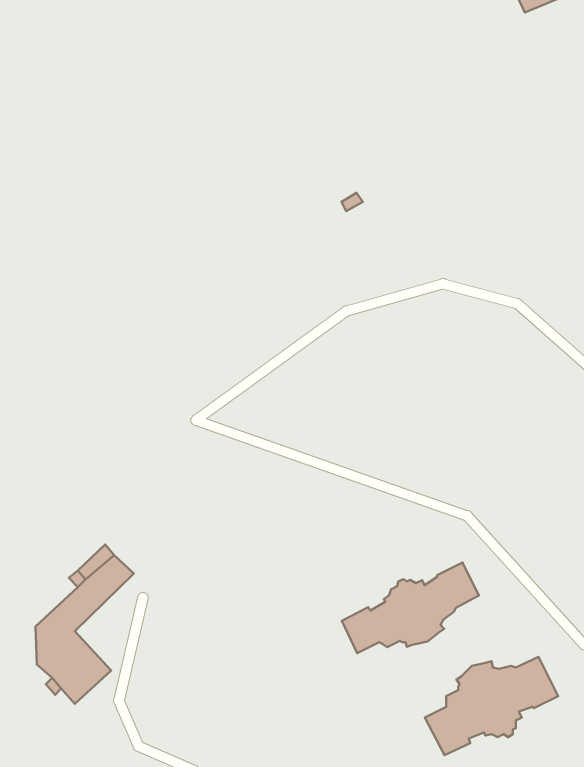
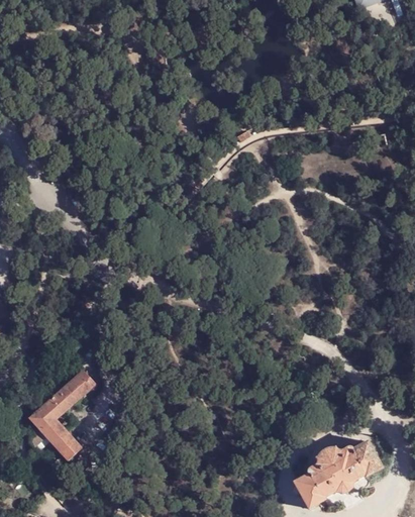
building: [342,562,479,653] -> none

